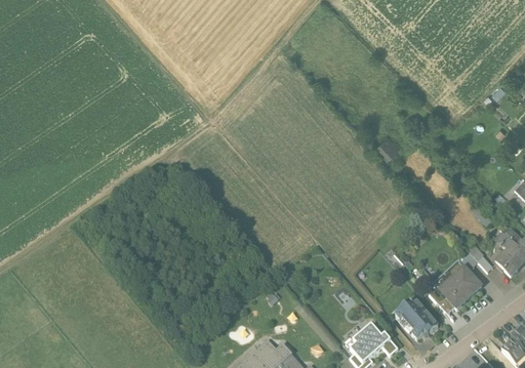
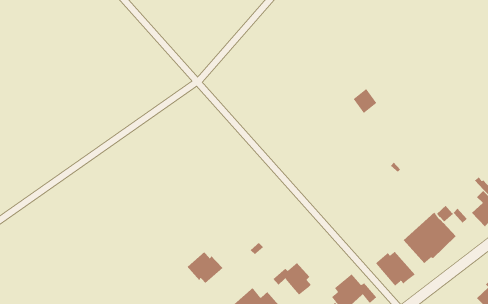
building: none -> [186,251,223,284]
building: none -> [273,262,312,296]

